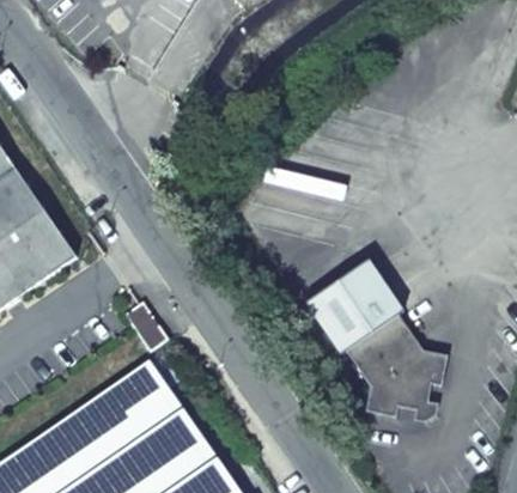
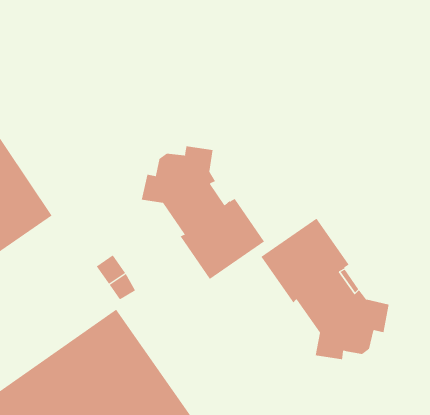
building: none -> [141,146,265,280]

